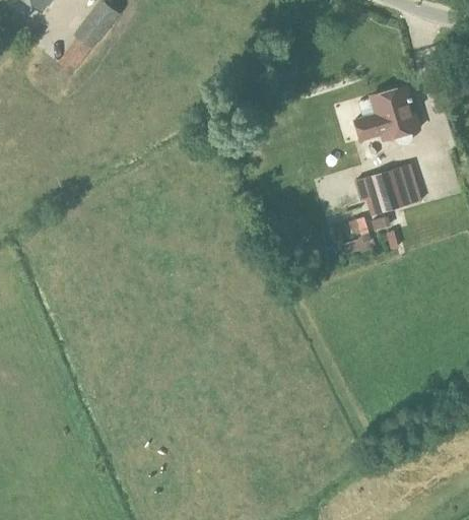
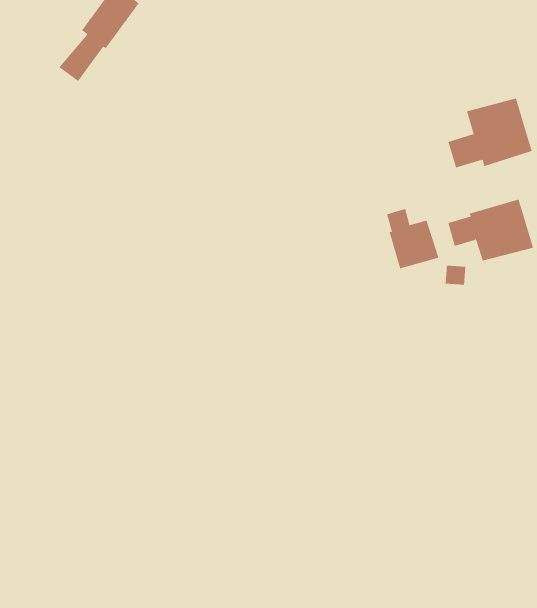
building: none -> [386,208,439,269]

